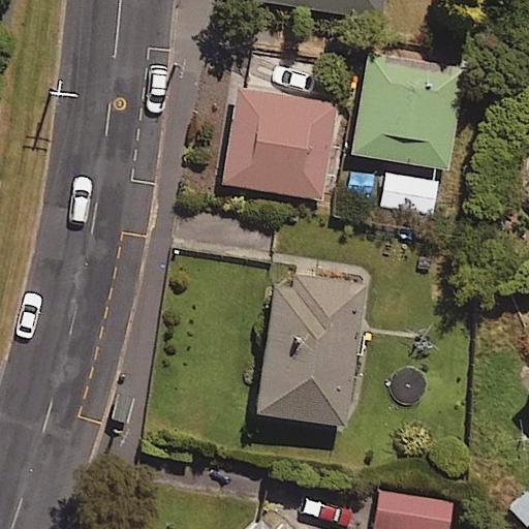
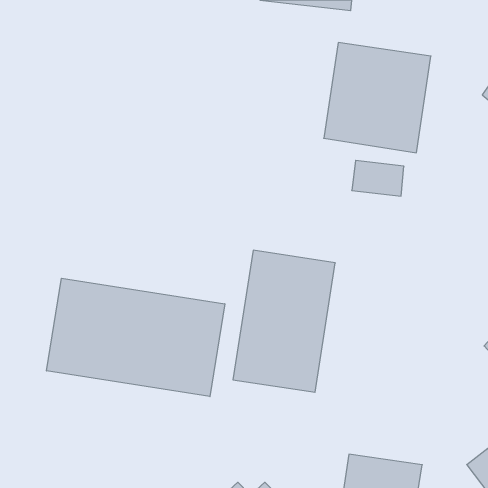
building: [221,56,344,203] -> none
building: none -> [47,278,225,397]

